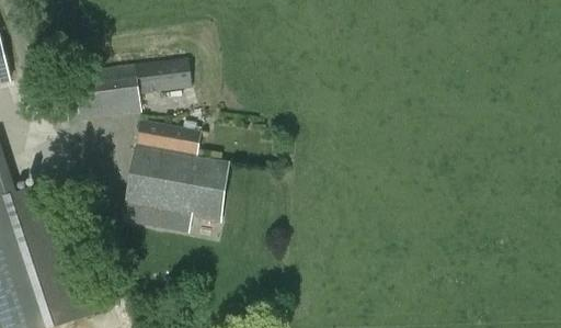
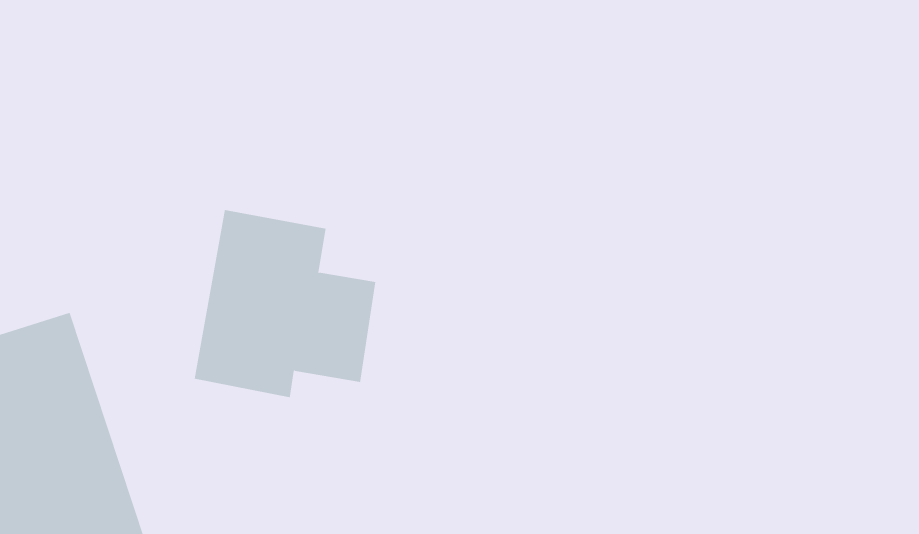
building: [70,56,190,122] -> none

